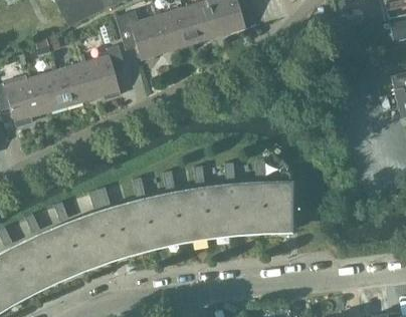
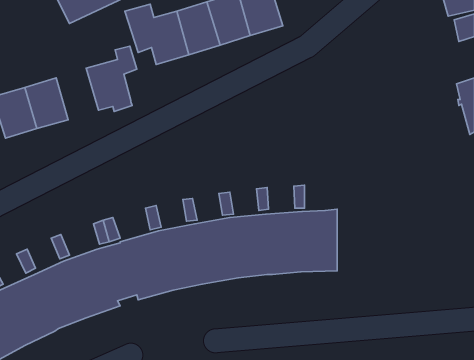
building: [56,63,91,106] -> none

